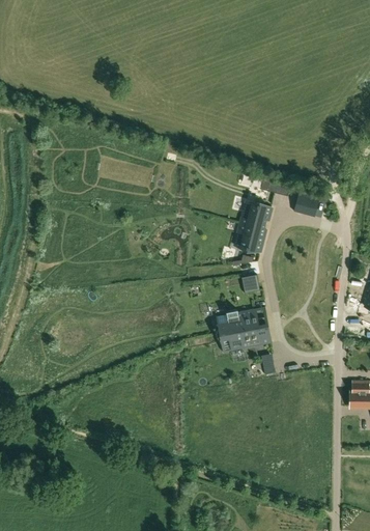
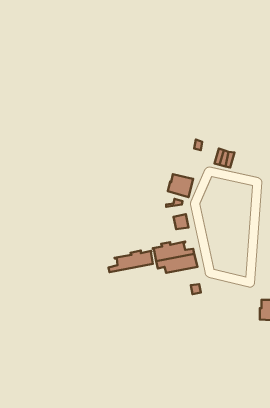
building: [240,202,272,229] -> none
building: none -> [108,251,153,272]

